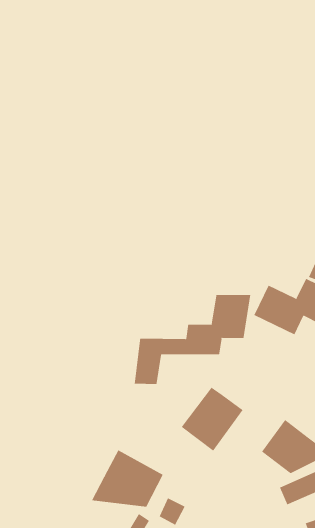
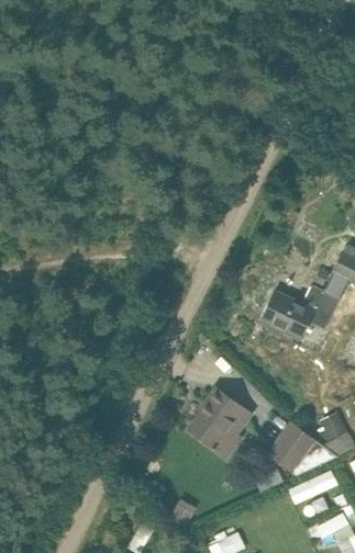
building: [134,294,251,385] -> none
building: [91,450,164,508] -> none

